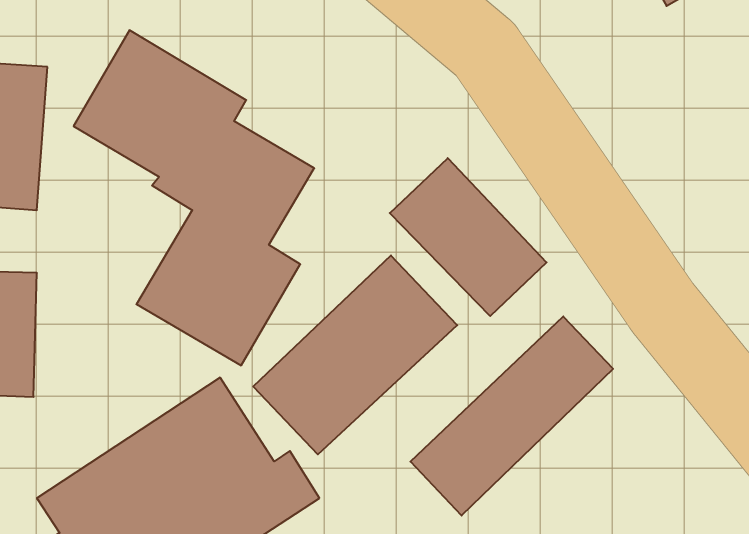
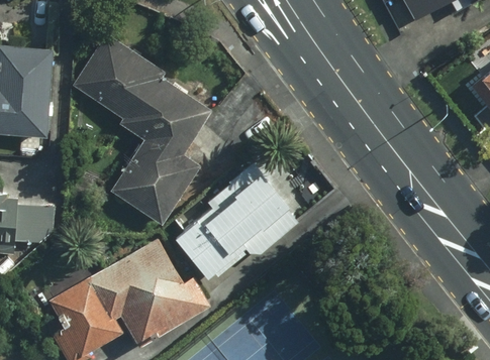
building: [390,158,547,316] -> none
building: [410,316,613,516] -> none

